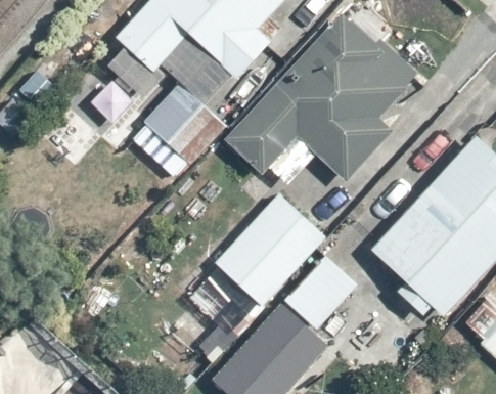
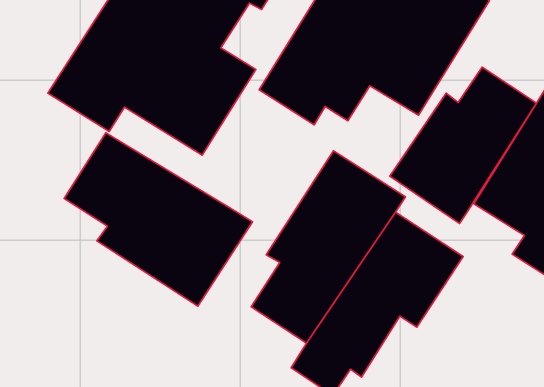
building: none -> [390,67,537,224]
building: none -> [64,133,252,306]

